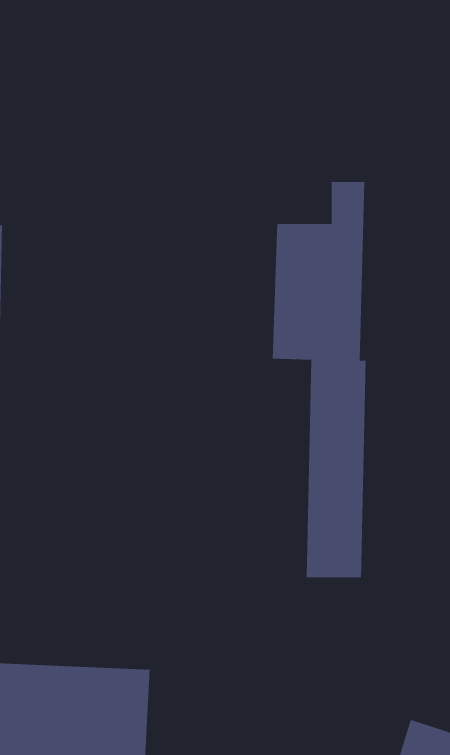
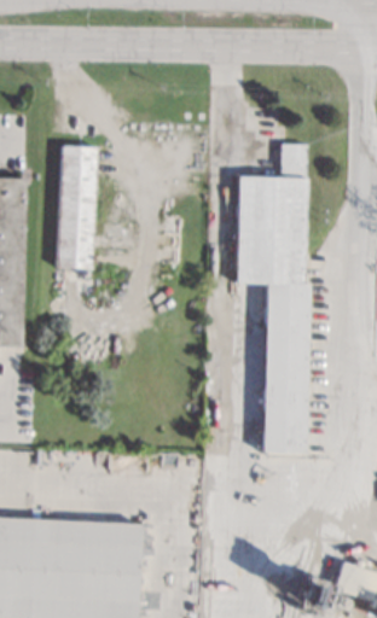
building: none -> [57,147,97,269]

